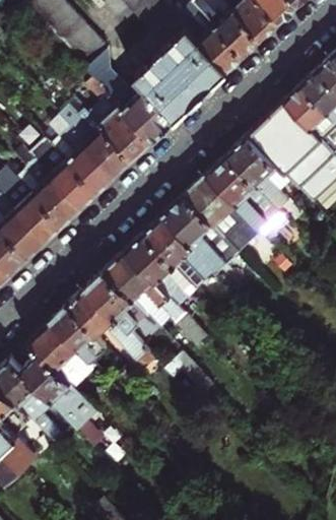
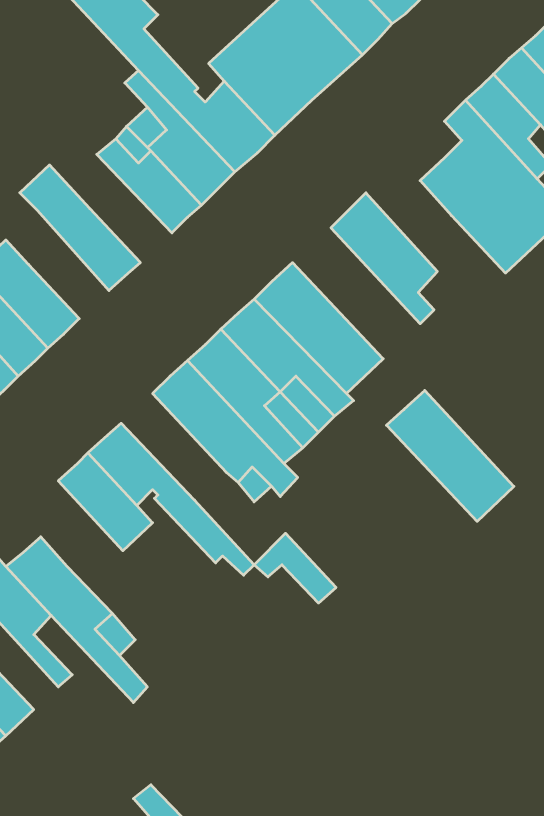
building: [64,130,118,193] -> none
building: [230,134,297,216] -> none
building: [28,162,81,225] -> none
building: [188,173,262,249] -> [386,390,514,521]
building: [88,269,149,331] -> none
building: [30,320,93,374] -> none

